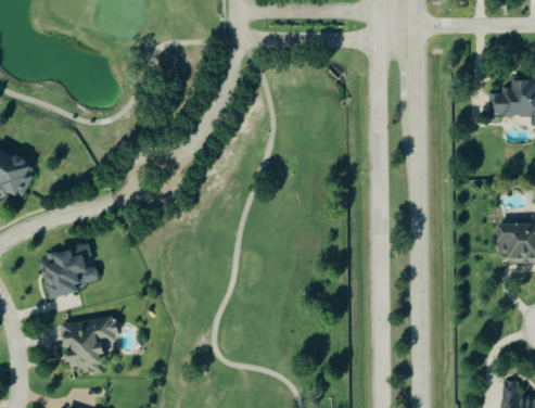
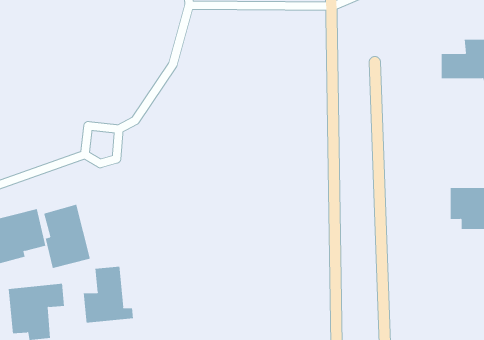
building: none -> [44,204,91,269]
building: none -> [83,266,134,323]

